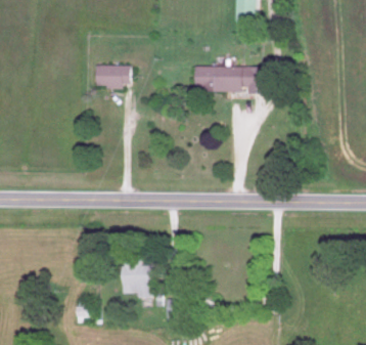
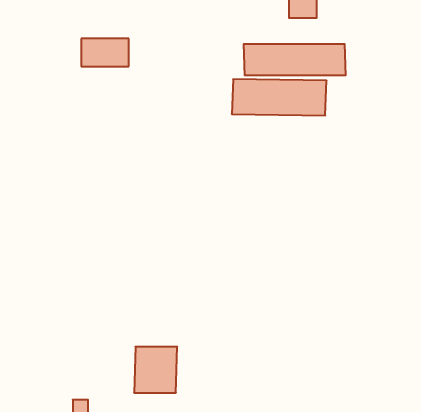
building: none -> [244,44,346,75]
building: [95,66,130,86] -> [81,39,129,66]

